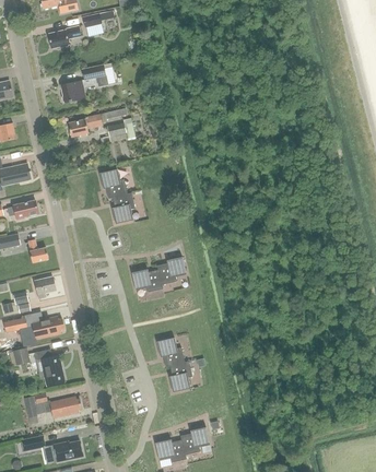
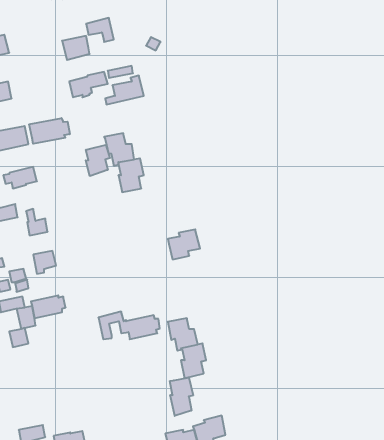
building: none -> [29,118,70,144]
building: none -> [86,145,110,176]
building: [131,268,162,291] -> none
building: [33,347,63,384] -> none
building: none -> [170,377,193,416]
building: [24,391,80,416] -> [98,312,160,339]

